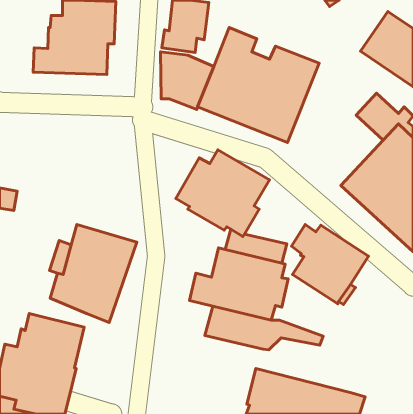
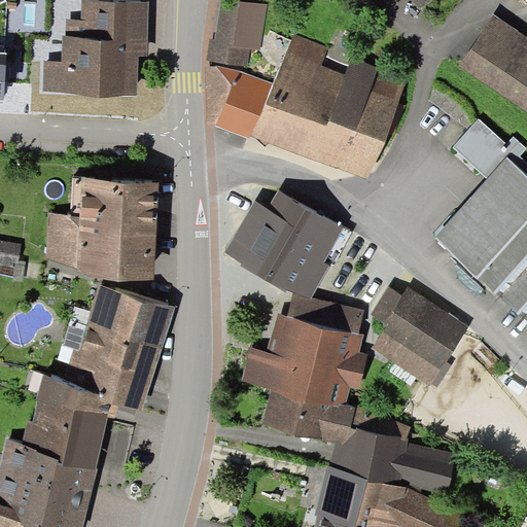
building: none -> [45,178,157,280]
building: none -> [37,374,110,416]
building: none -> [325,429,456,499]

